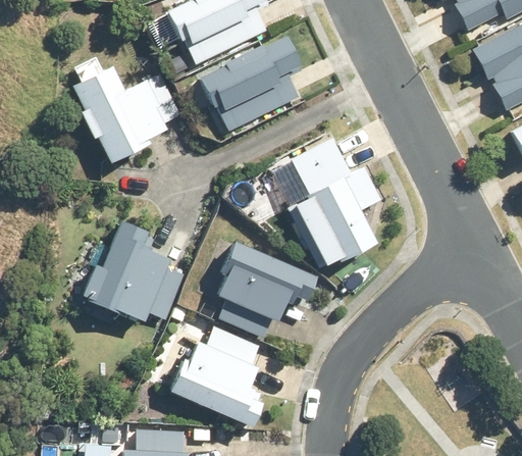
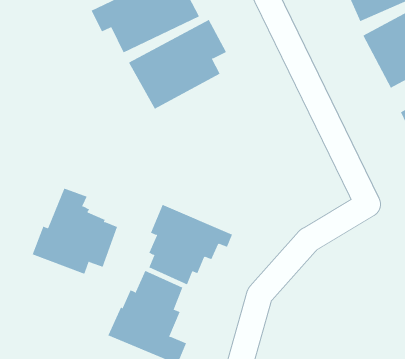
building: [72,66,181,164] -> none
building: [292,137,381,271] -> none

